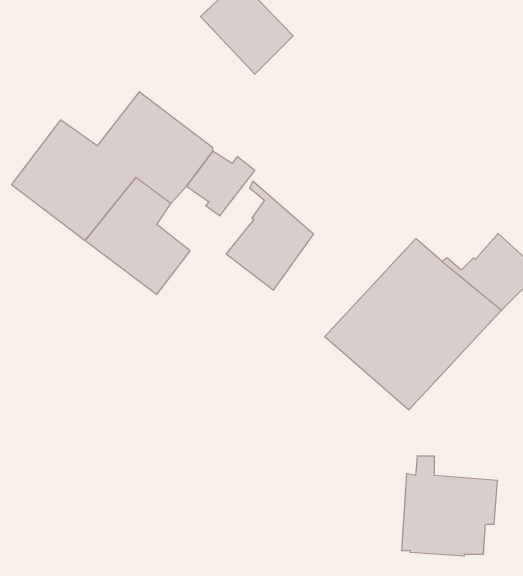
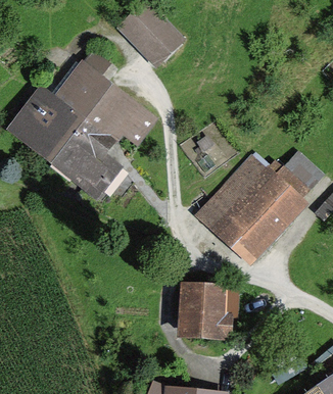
building: [226,181,313,290] -> none
building: [401,456,498,556] -> [179,278,235,336]

